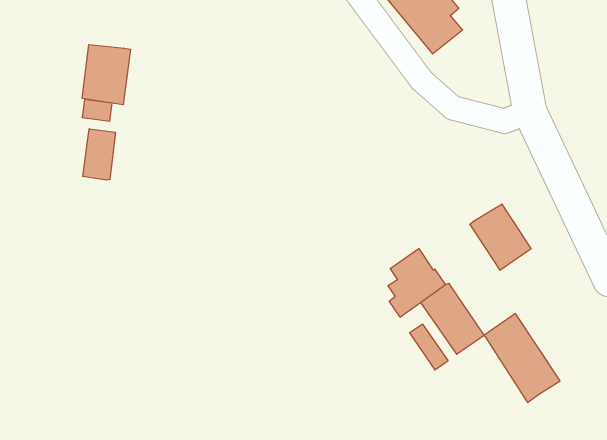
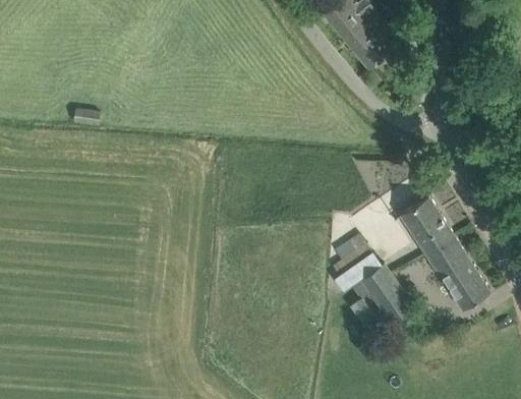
building: [82,45,131,105] -> none
building: [83,129,115,180] -> none
building: [484,313,560,402] -> [426,235,490,310]

